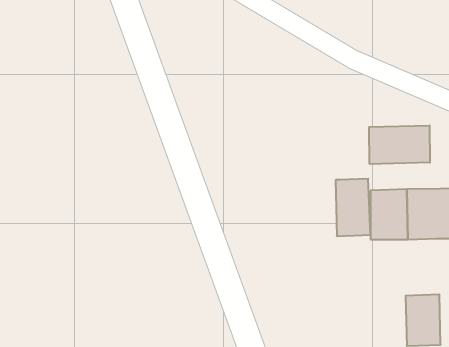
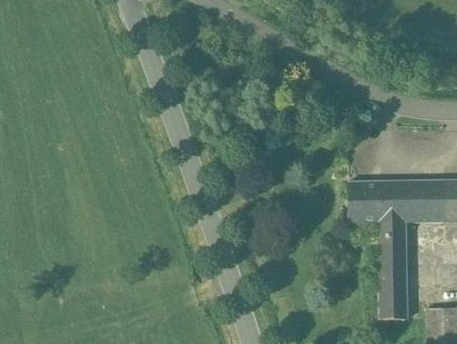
building: [369,125,430,164] -> none
building: [336,179,371,236] -> [377,223,407,272]

